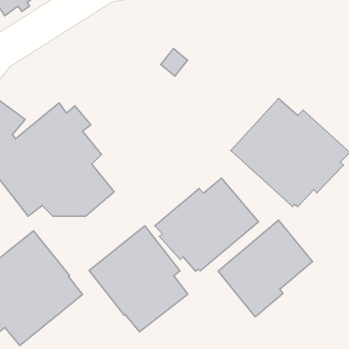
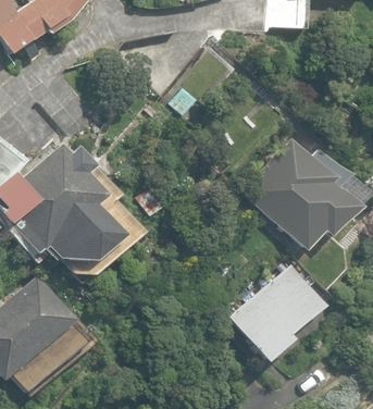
building: [155,178,259,271] -> none
building: [89,226,188,332] -> none

